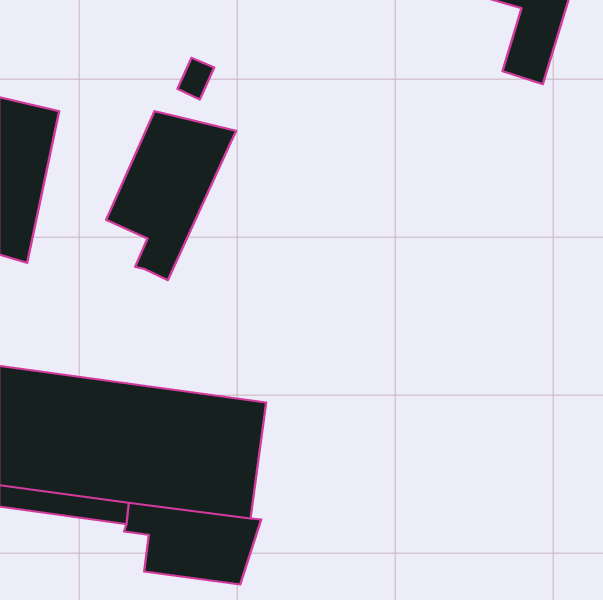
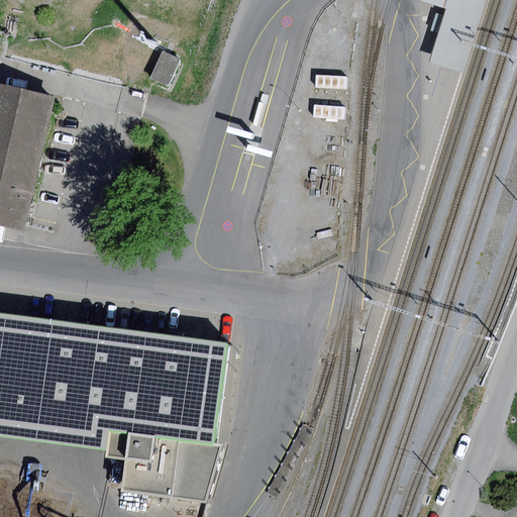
building: [106,111,236,280] -> none

